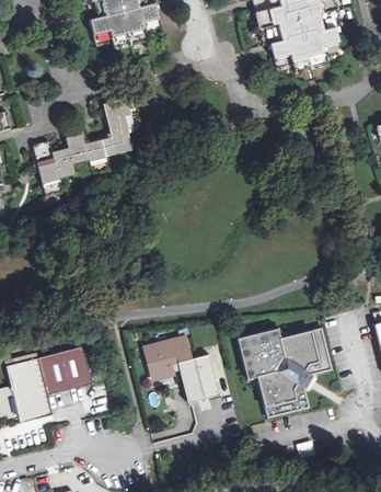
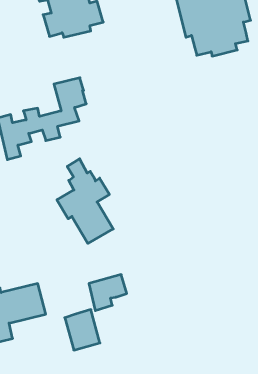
building: none -> [57,159,113,243]
building: [236,327,332,416] -> none
building: [177,353,220,402] -> [65,310,100,350]

